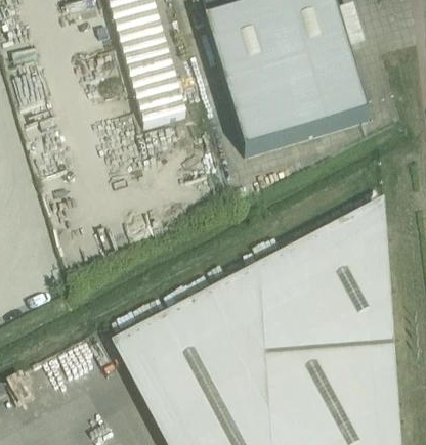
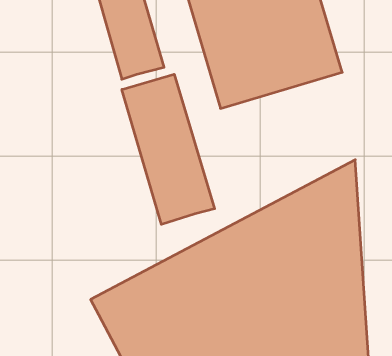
building: none -> [122,74,215,224]

